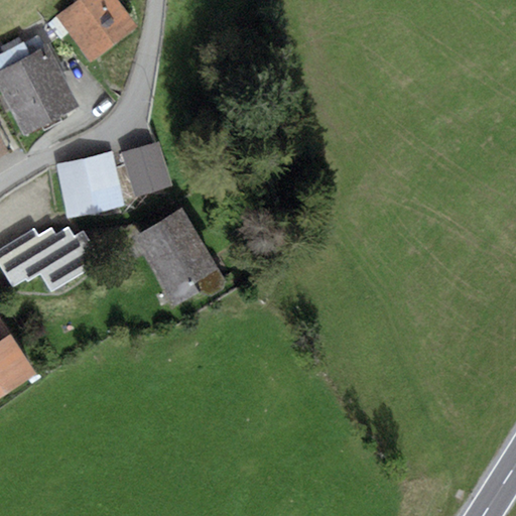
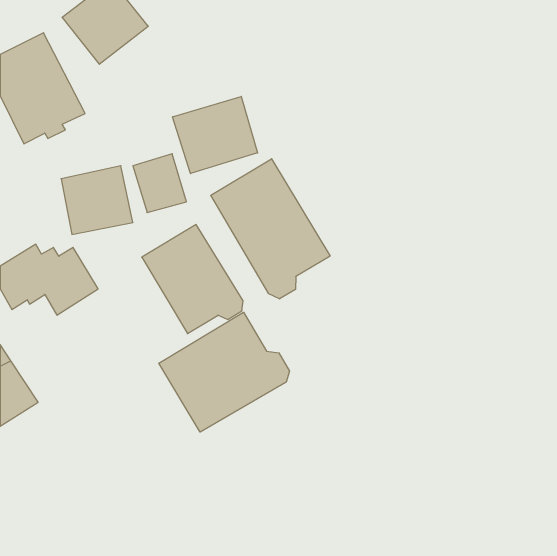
building: none -> [173,96,258,174]
building: none -> [211,159,330,299]
building: none -> [159,312,290,432]

